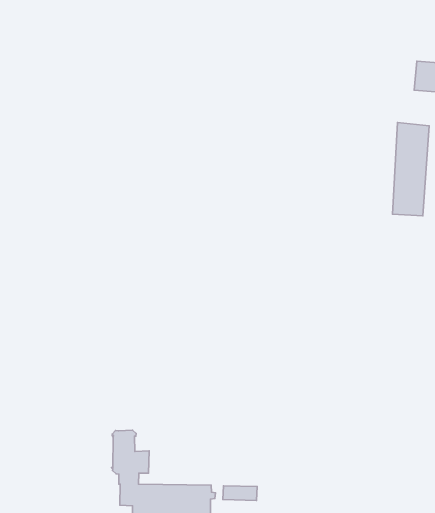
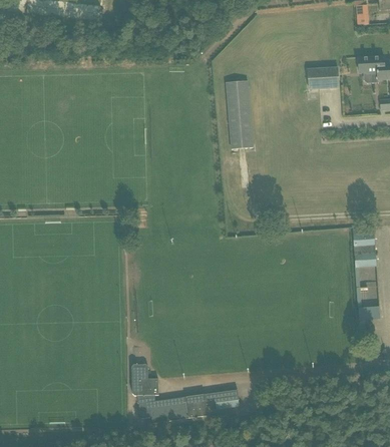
building: [392,123,429,216] -> [226,81,254,148]

